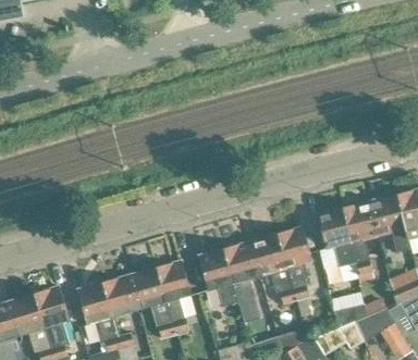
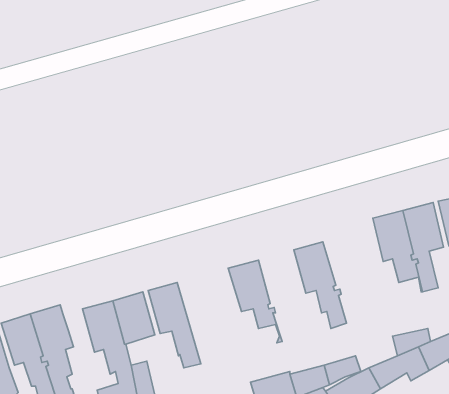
building: [276,225,314,316] -> none
building: [223,240,261,322] -> none
building: [156,259,192,334] -> none

